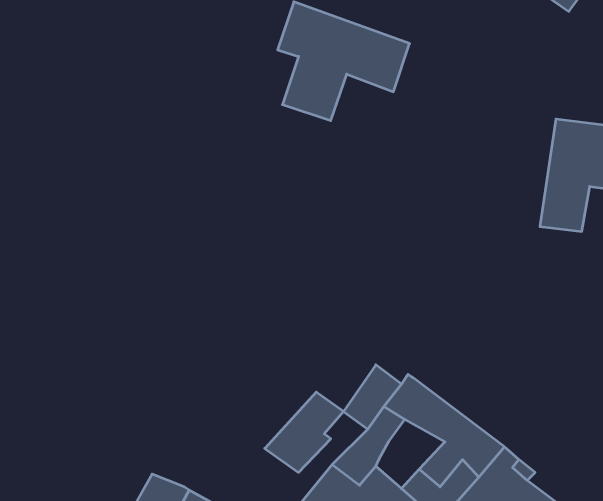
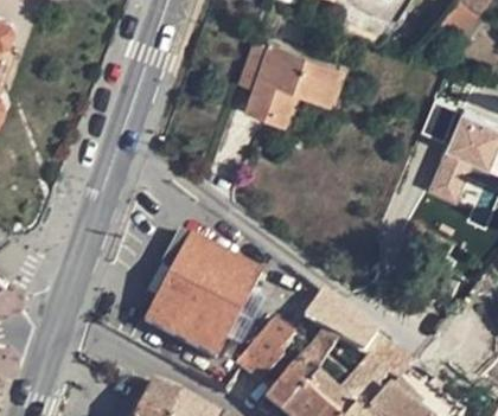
building: none -> [143,233,260,363]

